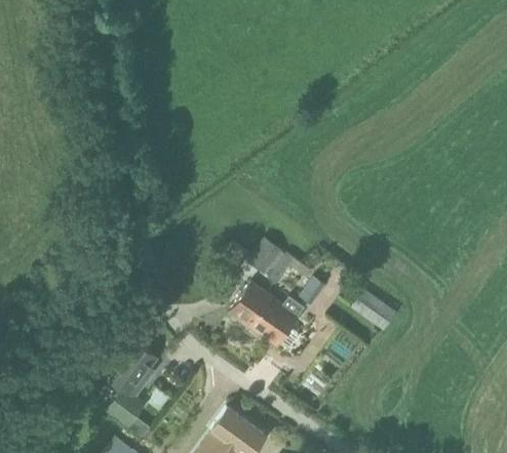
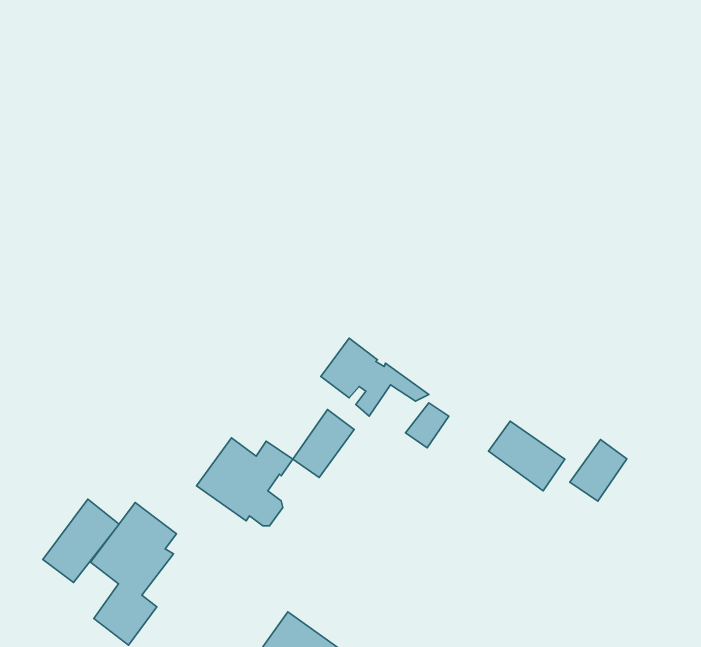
building: [246,294,306,348] -> [197,438,293,526]
building: none -> [570,440,627,501]
building: none -> [43,499,119,583]

